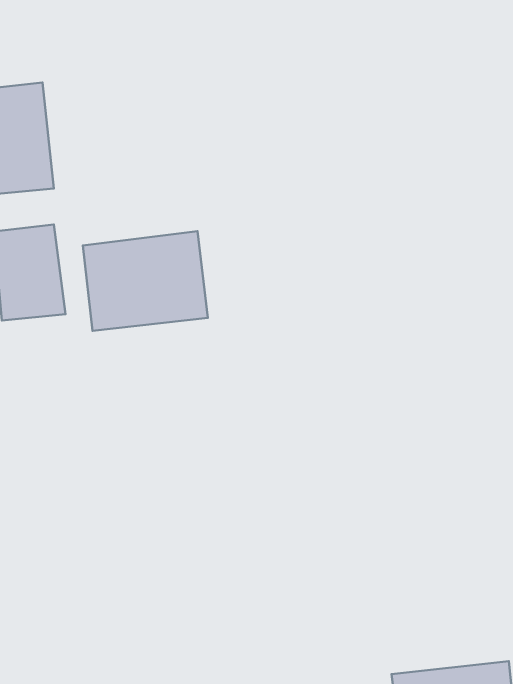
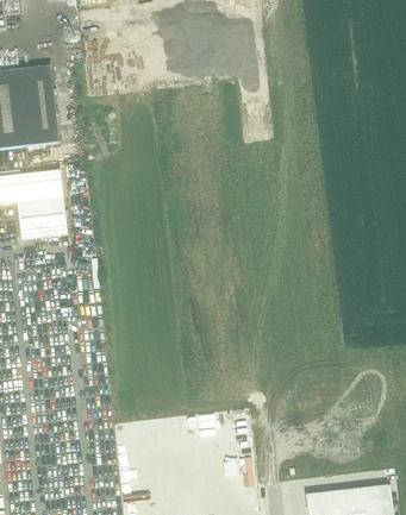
building: [83,231,208,331] -> none

